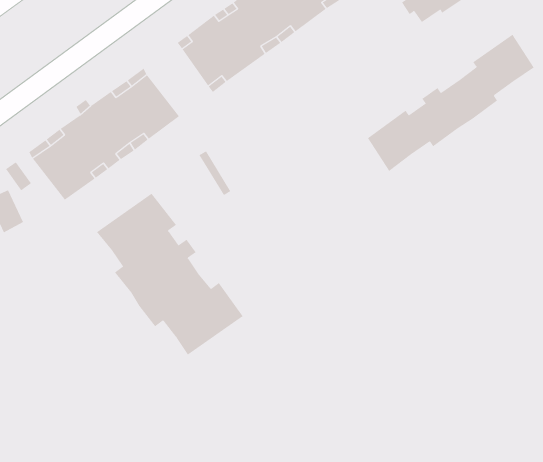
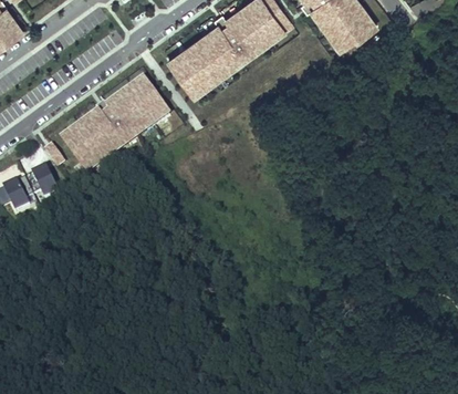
building: [367,34,534,172] -> none
building: [96,193,243,355] -> none

